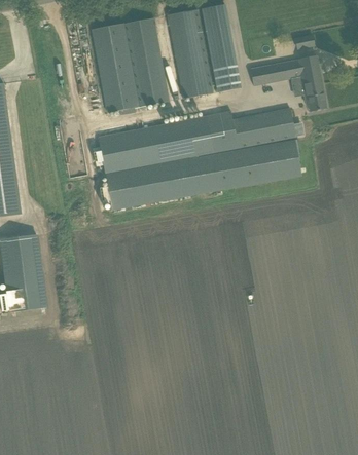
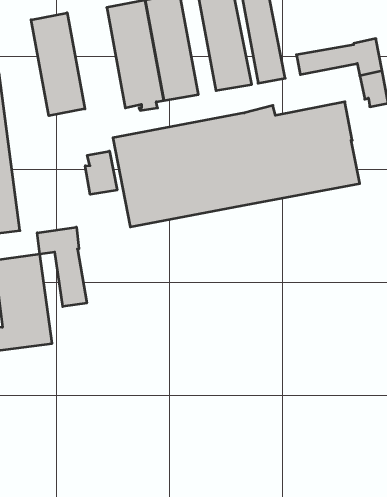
building: none -> [31,13,85,116]
building: none -> [85,151,117,194]
building: none -> [37,227,87,307]

